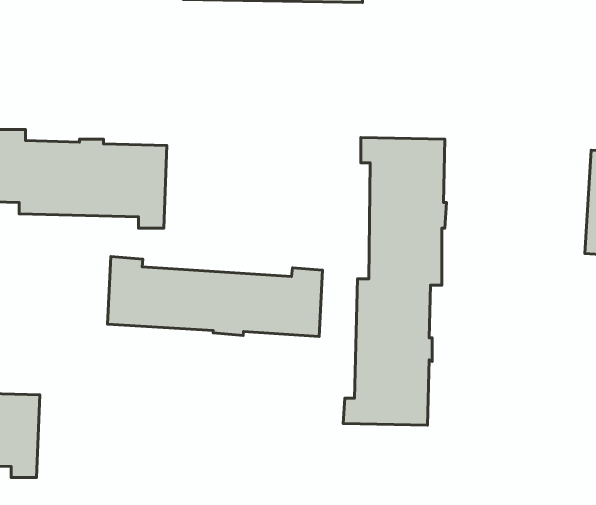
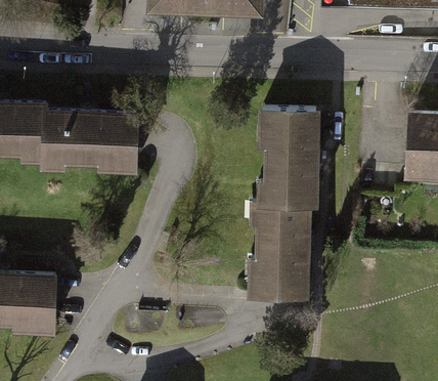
building: [107,257,323,337] -> none

